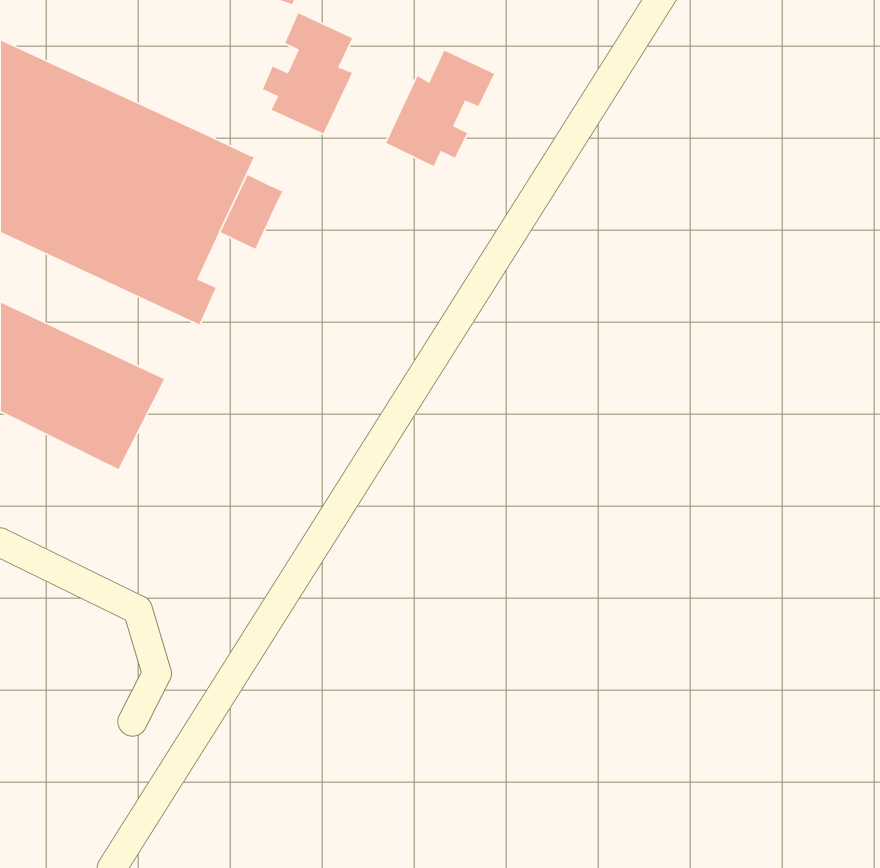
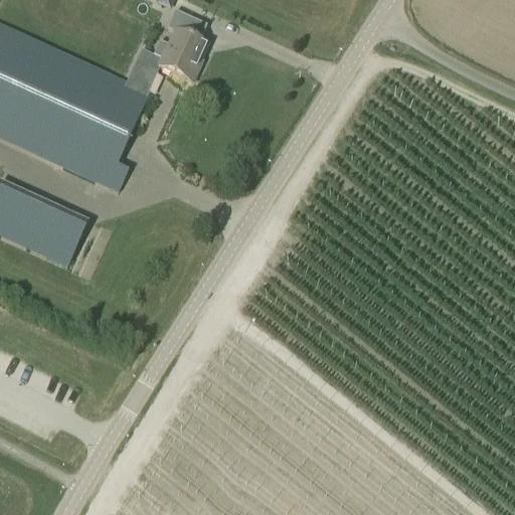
building: [385,50,495,167] -> none
building: [220,174,283,250] -> [125,46,162,91]

